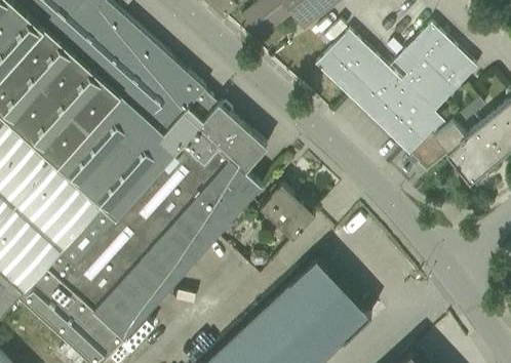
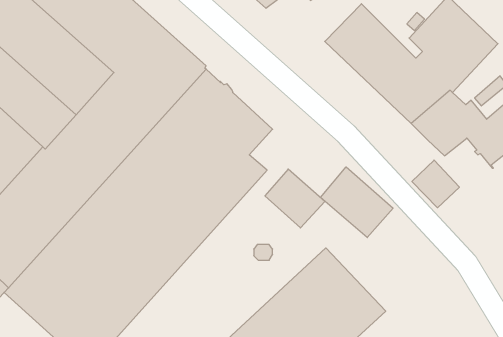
building: none -> [412,160,459,208]
building: none -> [321,167,393,238]

